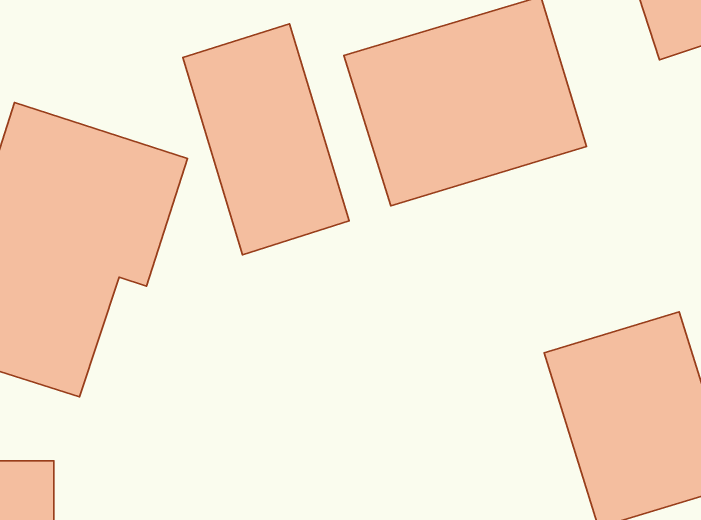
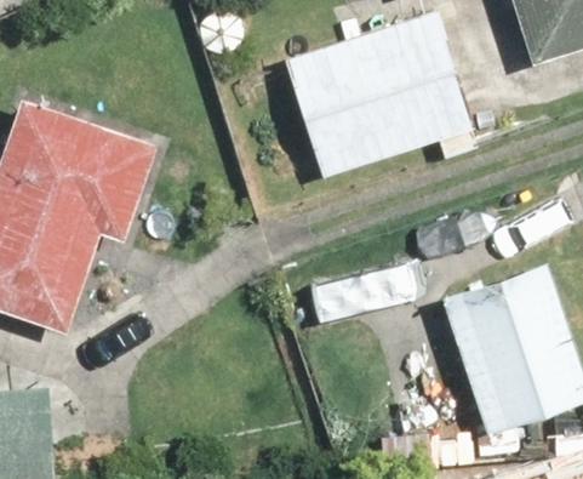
building: [183,24,349,255] -> none

